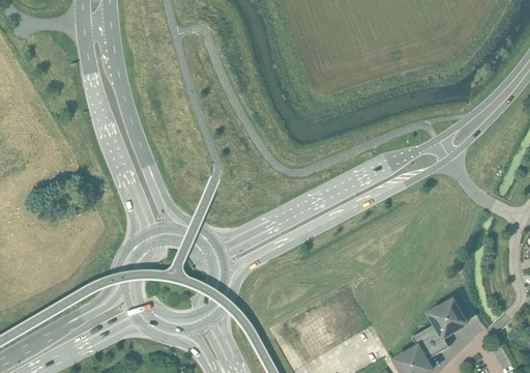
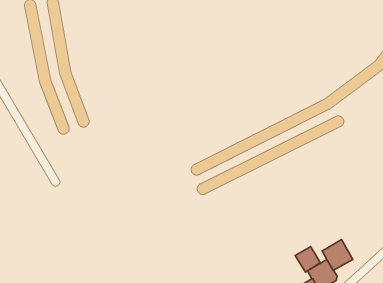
building: none -> [295,247,321,272]

